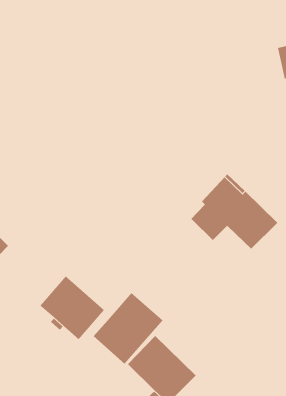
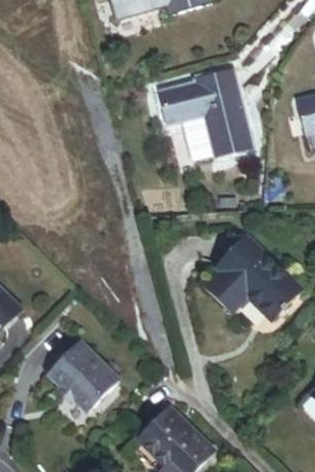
building: none -> [160,67,252,158]
building: [93,292,163,364] -> none

